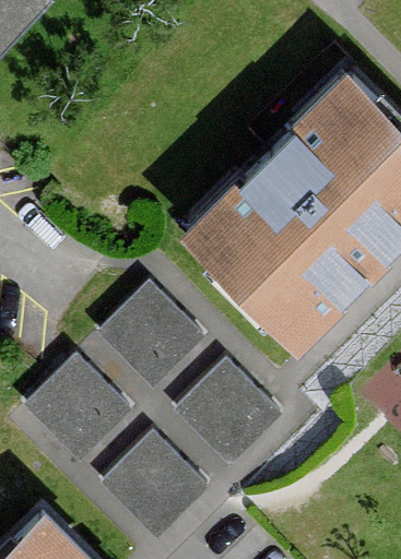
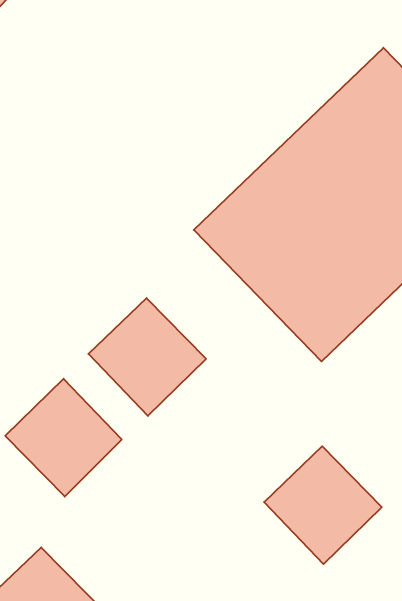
building: [173,360,276,464] -> [264,446,382,564]
building: [99,433,203,536] -> none

